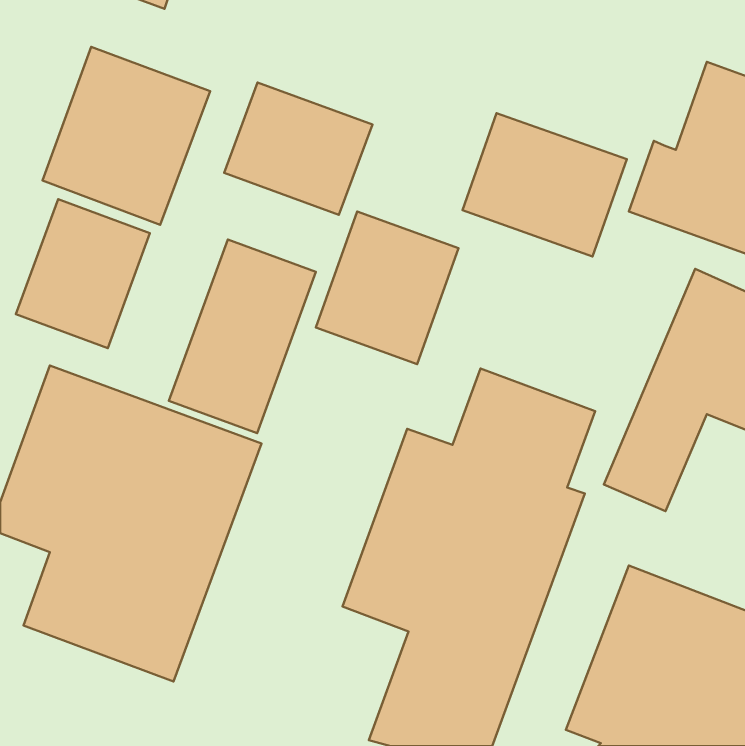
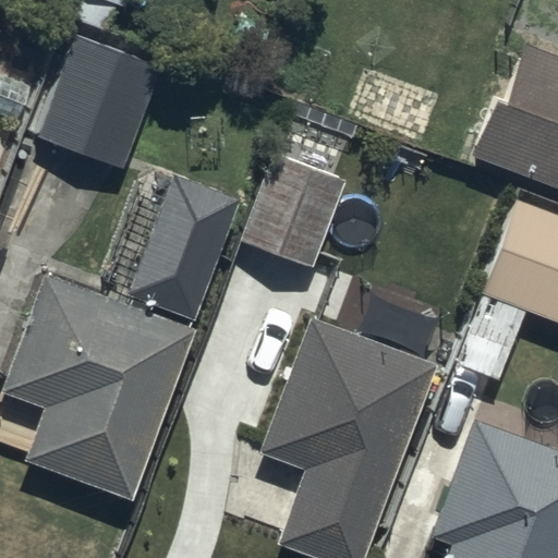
building: [224,83,372,215] -> none
building: [462,113,627,256] -> none
building: [16,199,150,348] -> none

